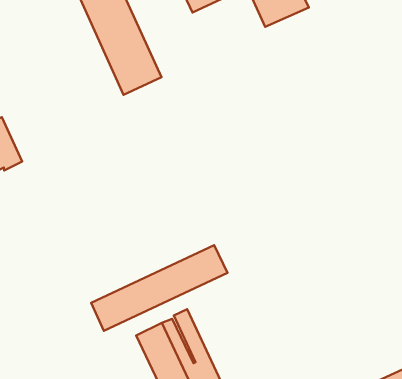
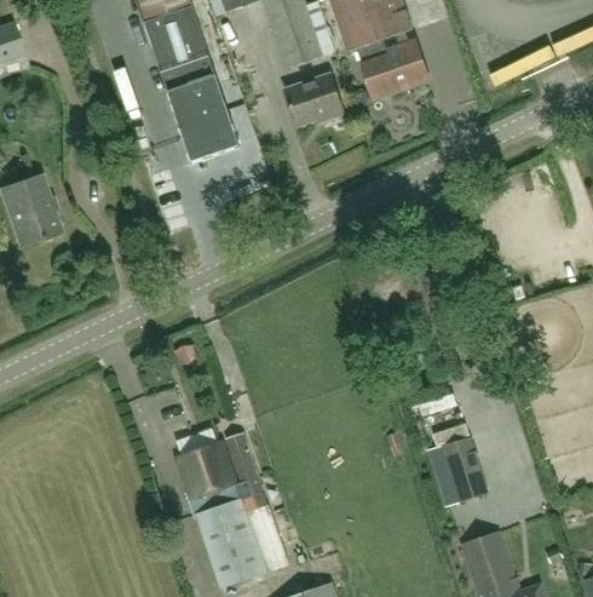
building: none -> [283,74,342,125]
building: [91,245,228,331] -> none
building: none -> [443,437,488,501]

